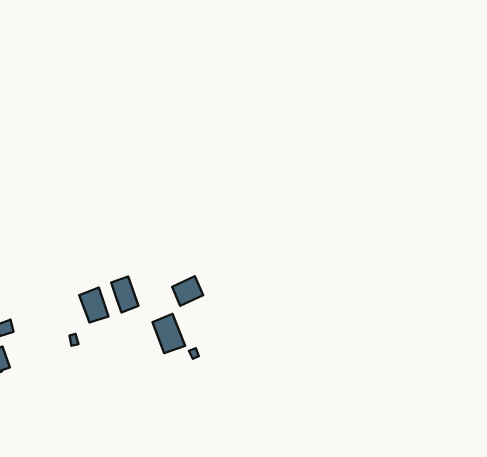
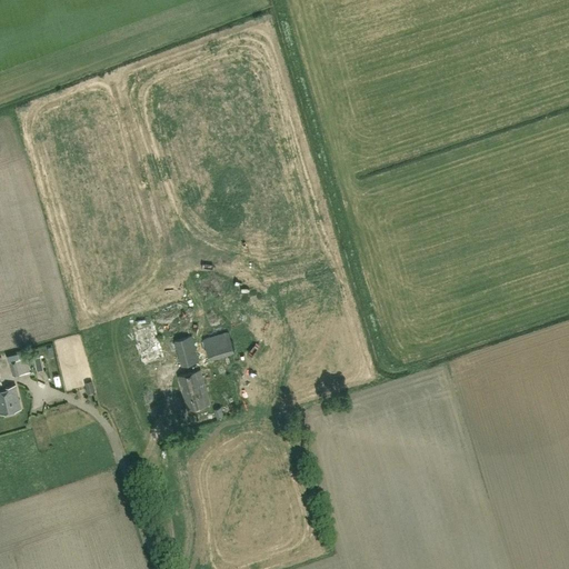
building: none -> [173,337,198,367]
building: [79,288,109,323] -> none

